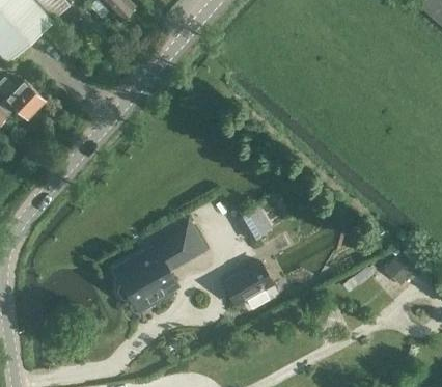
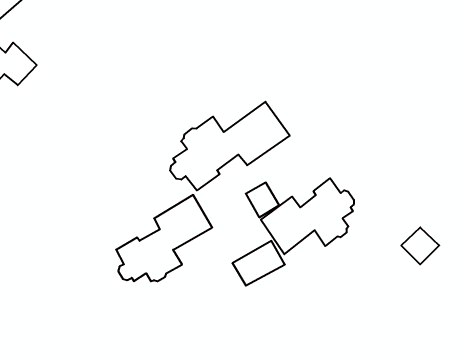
building: none -> [170,102,290,190]
building: none -> [261,178,354,254]

